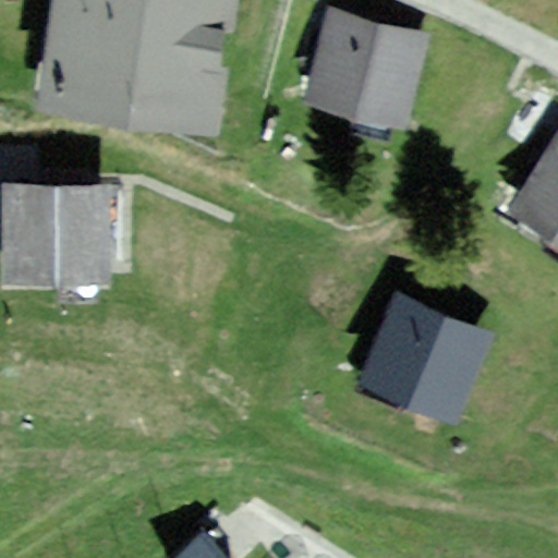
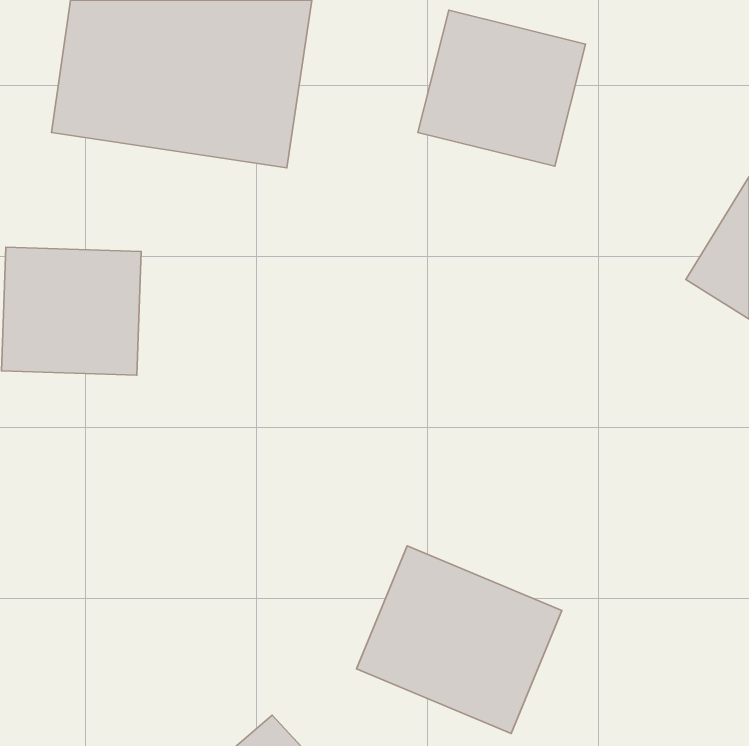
building: [357,298,488,423] -> none
building: none -> [357,546,562,733]

